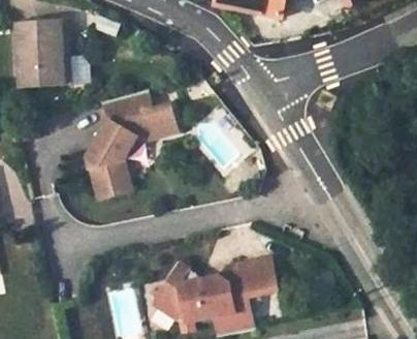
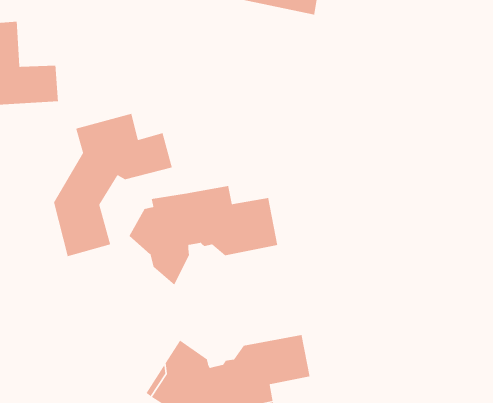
building: none -> [128,185,278,286]

